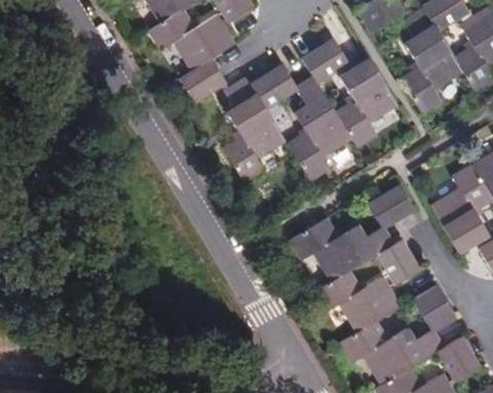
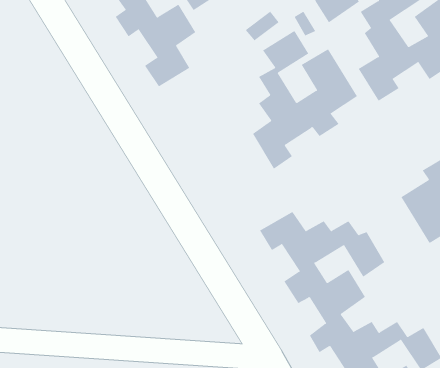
building: [224,61,290,175] -> none
building: [369,187,415,227] -> none
building: [417,286,459,327] -> none

